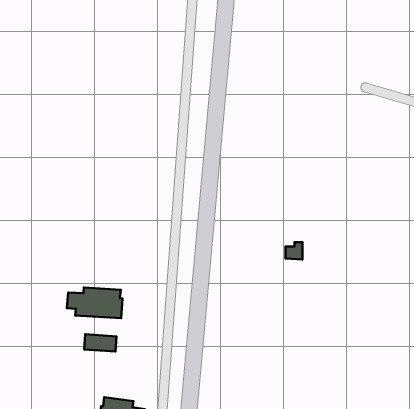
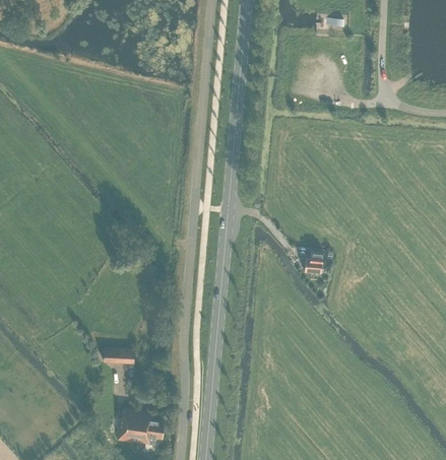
building: [67,287,122,318] -> none

